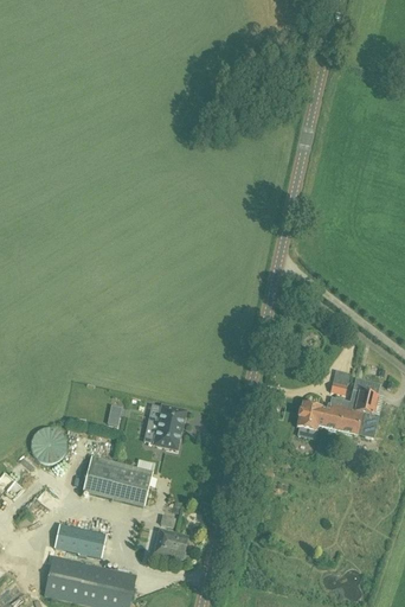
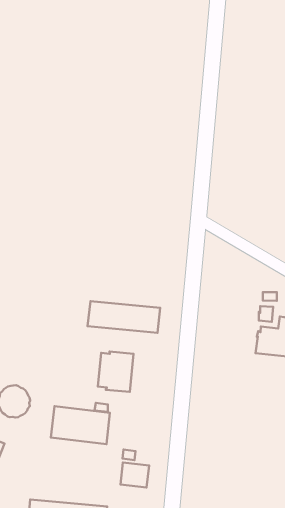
building: none -> [88,301,160,333]
building: [296,403,326,430] -> none
building: [53,524,105,558] -> none

